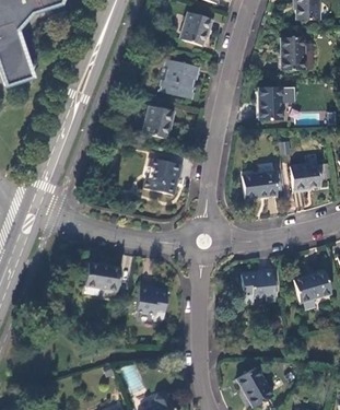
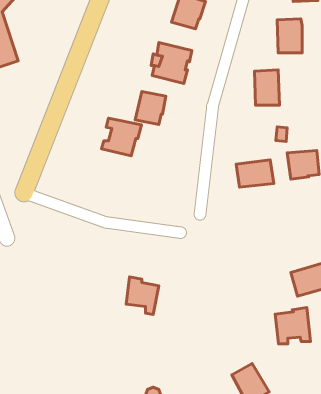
building: [145,157,184,194] -> [102,118,141,156]
building: [85,261,121,290] -> none
building: [243,268,277,303] -> [275,307,310,344]

